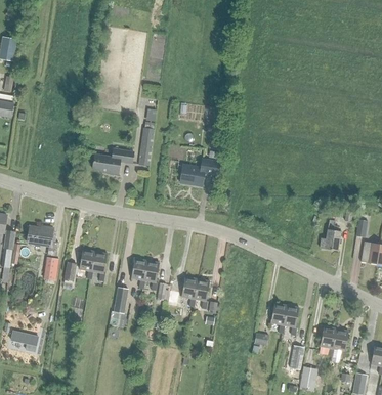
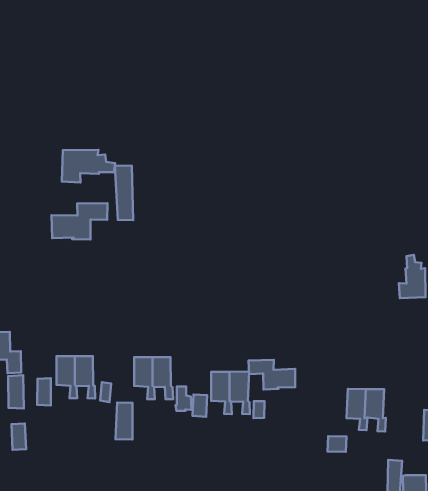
building: none -> [62,150,115,182]
building: [179,159,220,186] -> none
building: none -> [248,360,295,389]

